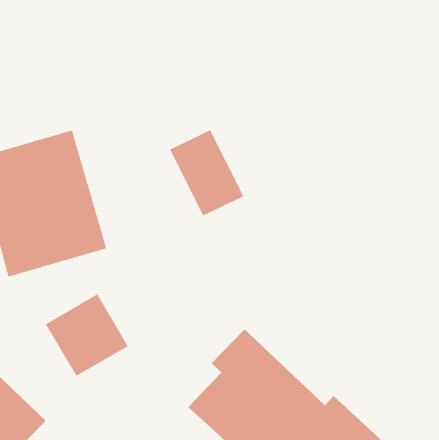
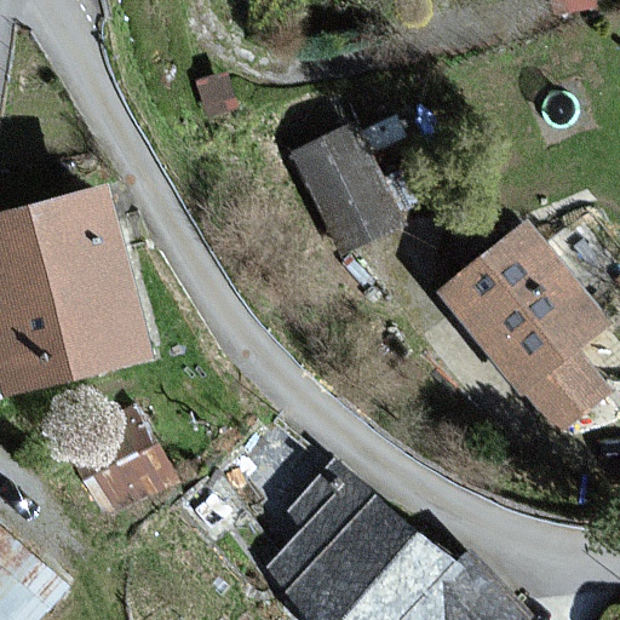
building: [169,129,244,216] -> [293,128,398,251]
building: none -> [442,225,605,432]

